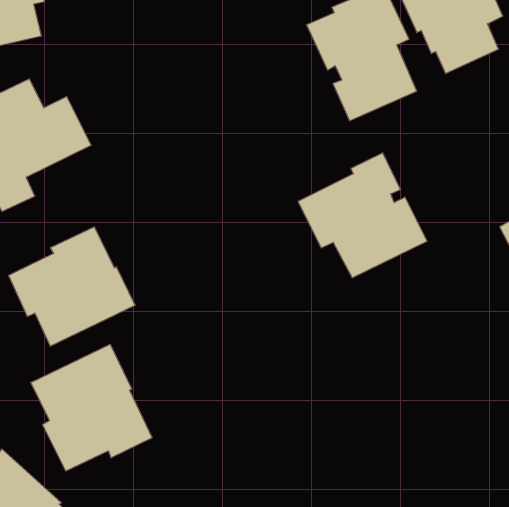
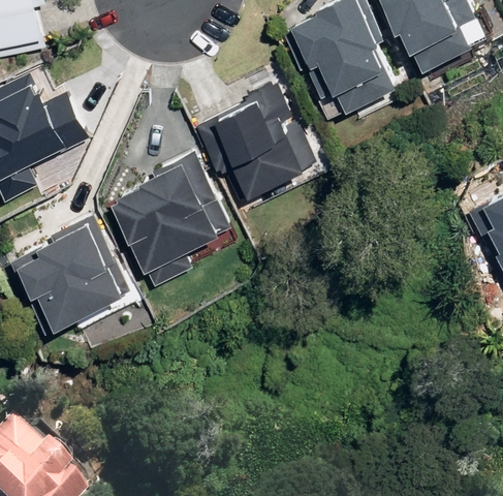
building: [298,153,427,278] -> [195,82,316,198]
building: none -> [111,153,230,273]
building: [31,344,152,471] -> none

